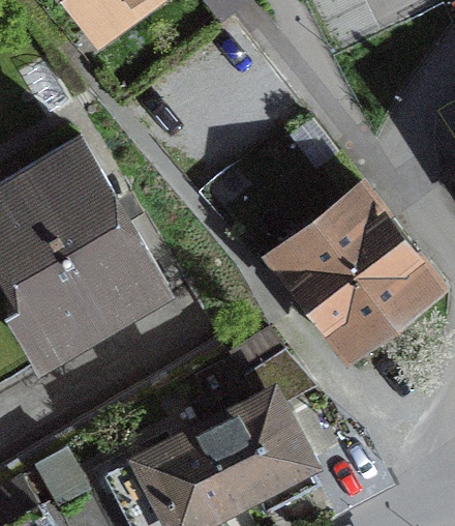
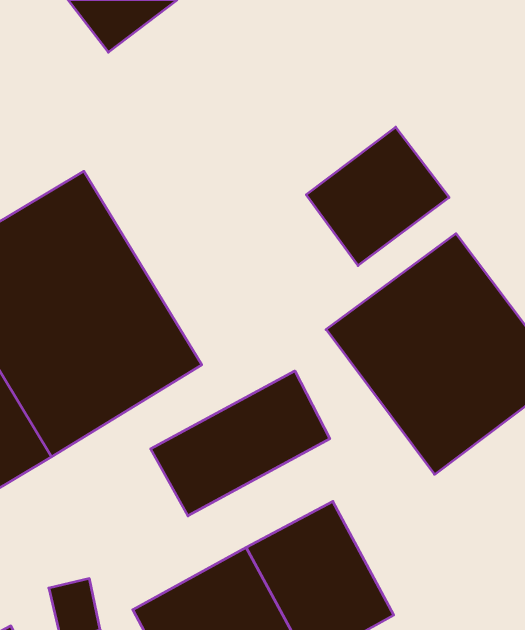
building: none -> [306,127,449,266]
building: none -> [151,371,330,516]

